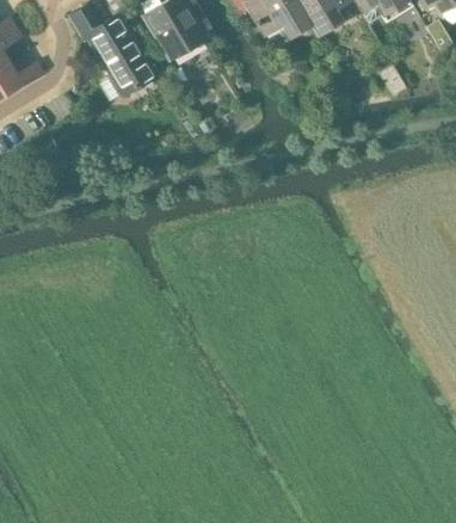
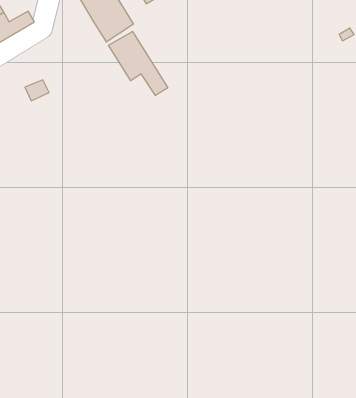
building: none -> [108,31,168,95]

